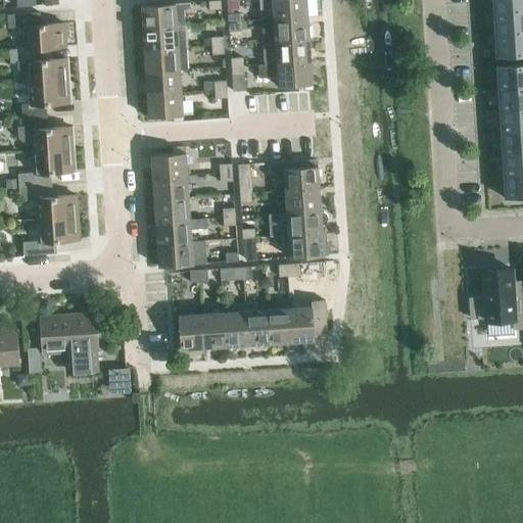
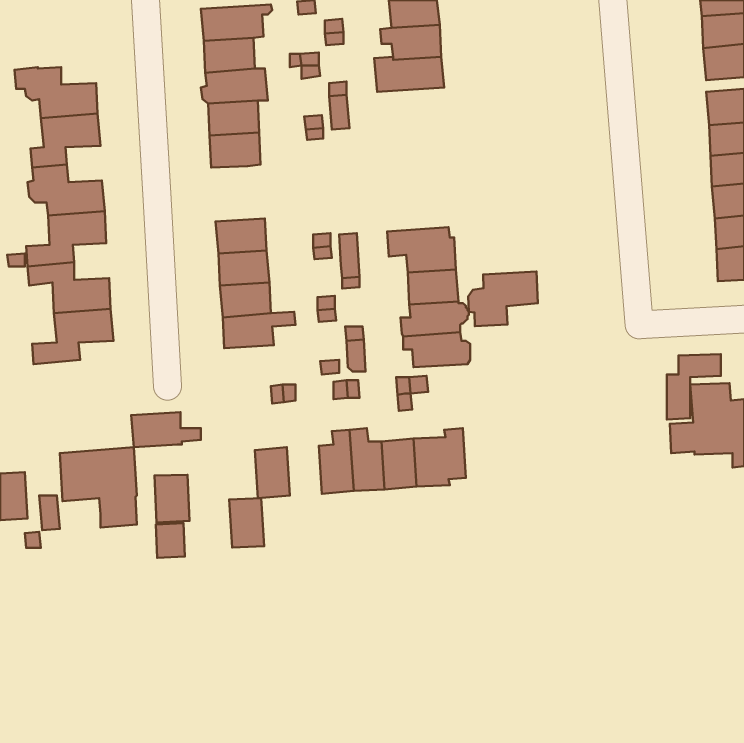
building: [7,13,66,49] -> none
building: [258,62,314,93] -> none
building: none -> [468,271,538,326]
building: [157,243,206,268] -> [131,412,201,447]
building: [201,314,226,348] -> [229,498,264,548]
building: none -> [154,475,189,523]

